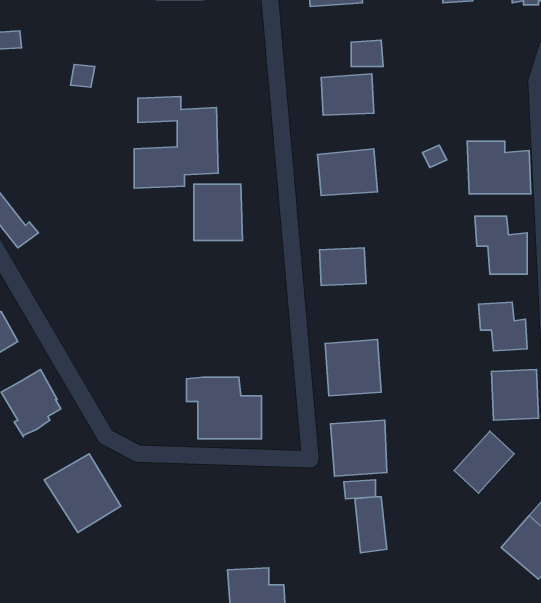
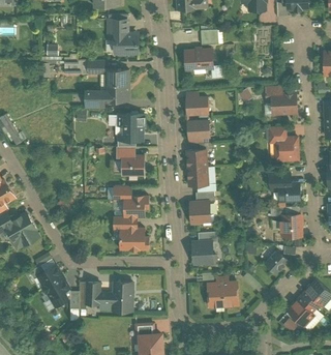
building: none -> [104,14,141,55]
building: none -> [183,117,215,144]
building: none -> [116,146,145,177]
building: none -> [183,165,209,184]
building: none -> [109,183,148,216]
building: none -> [76,279,137,315]
building: none -> [216,280,239,312]

